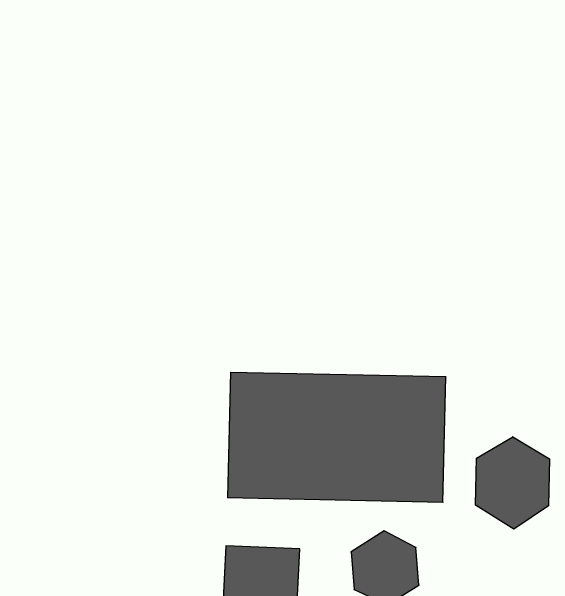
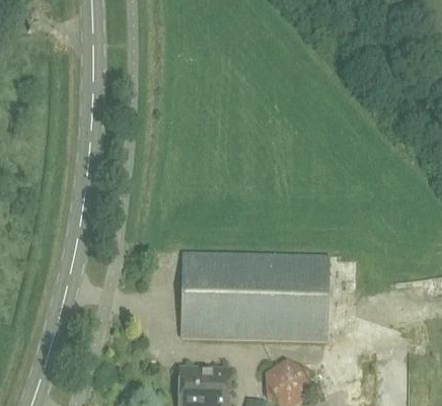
building: [476,437,549,529] -> none

